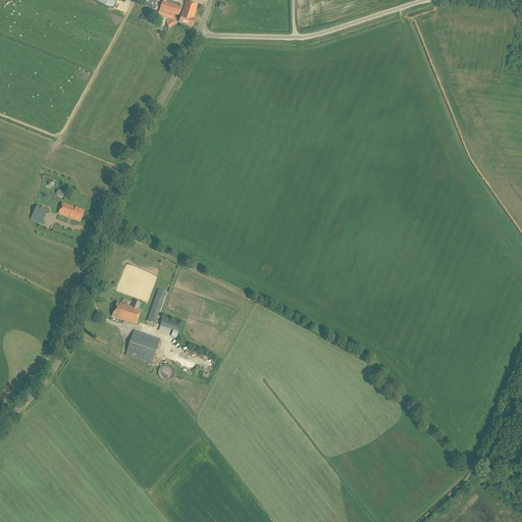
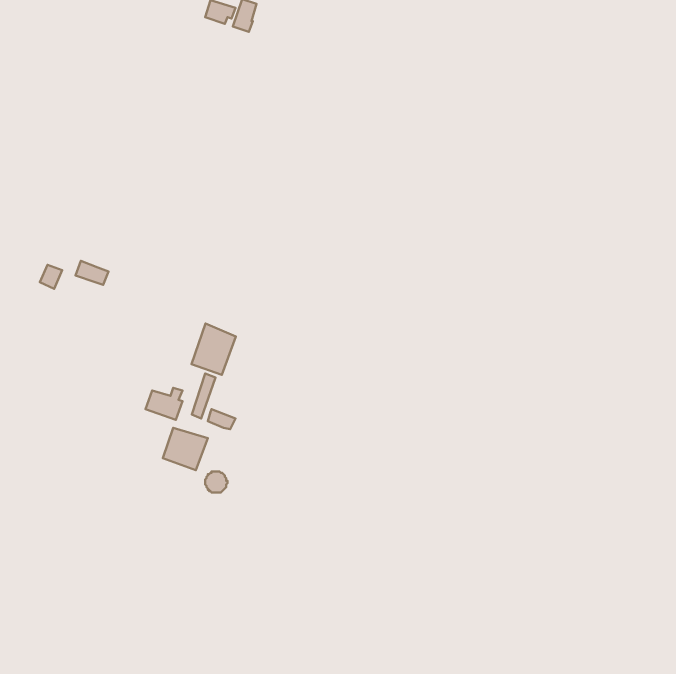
building: none -> [191,324,236,375]

